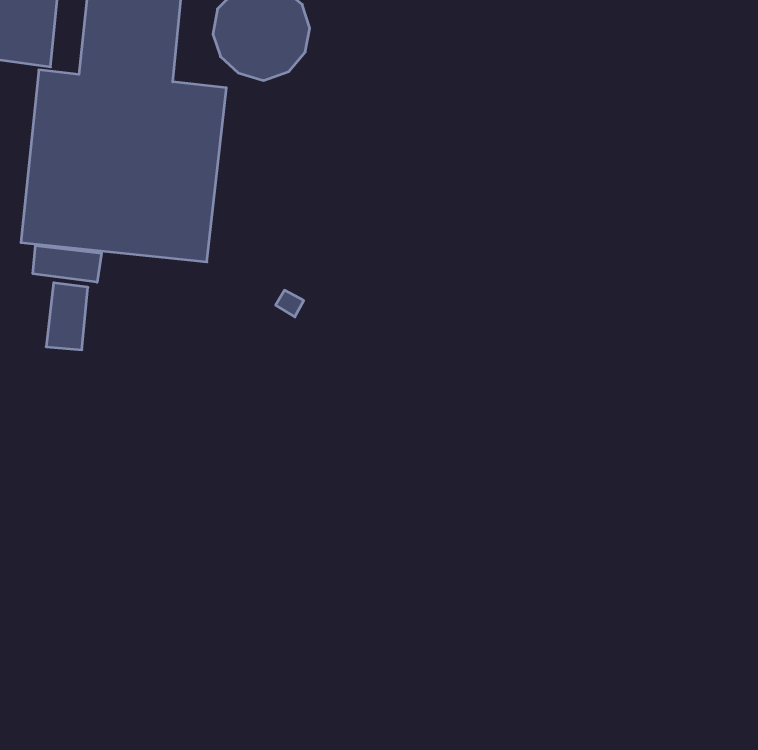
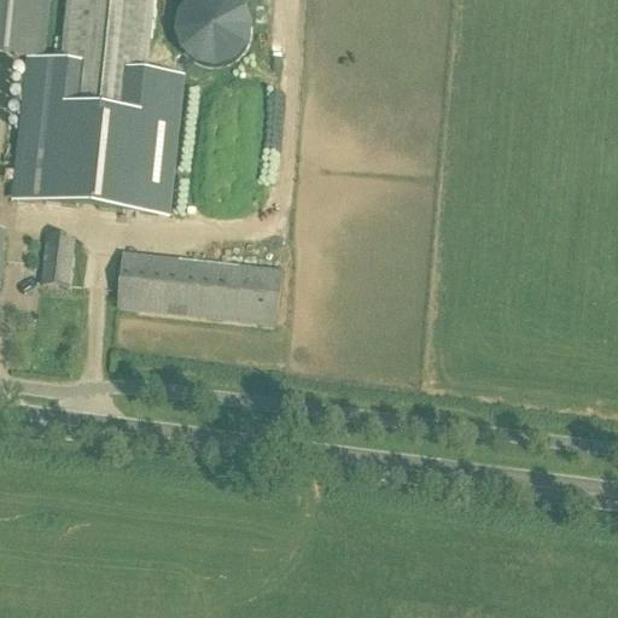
building: [33,245,102,282] -> none
building: none -> [116,250,280,320]

